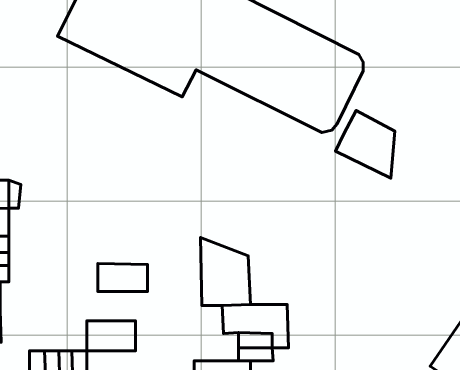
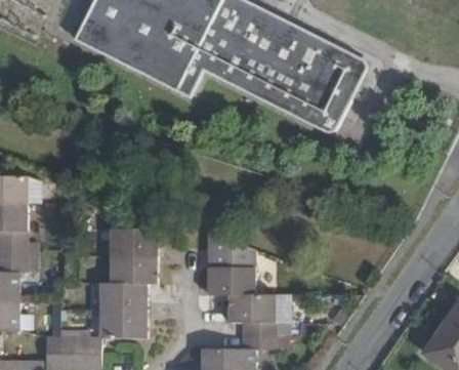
building: [336,110,395,178] -> none
building: none -> [111,227,158,255]
building: none -> [100,281,147,309]

